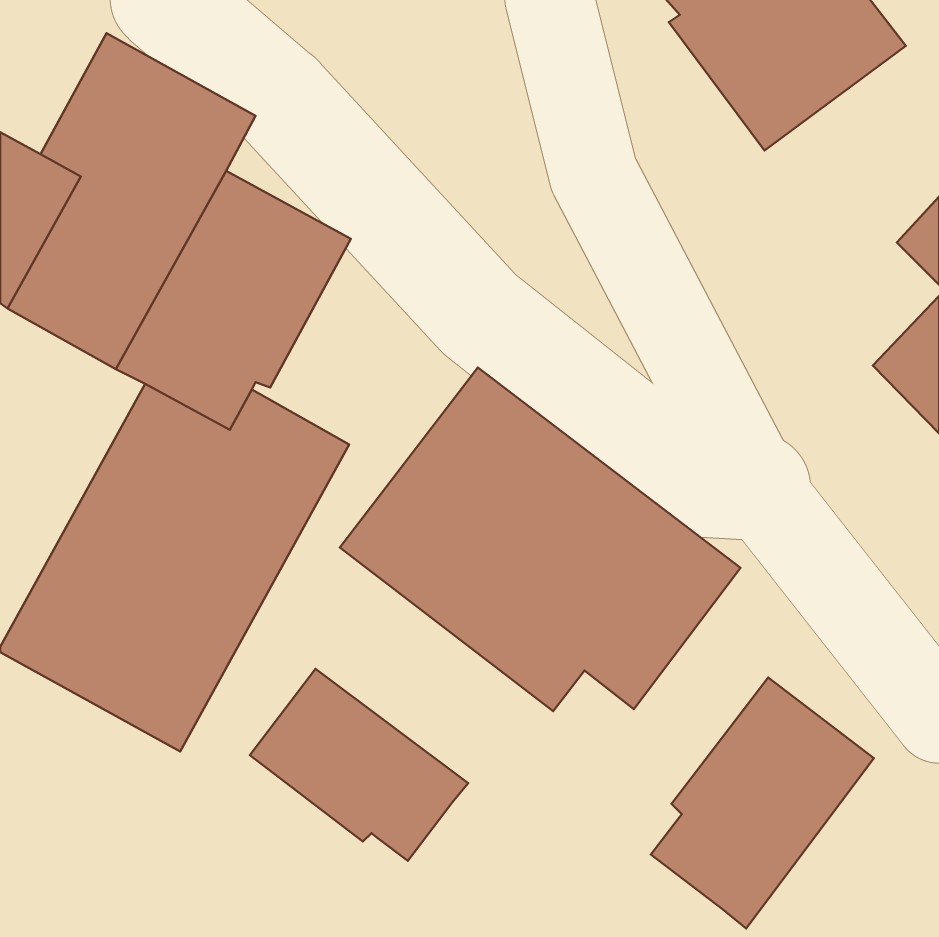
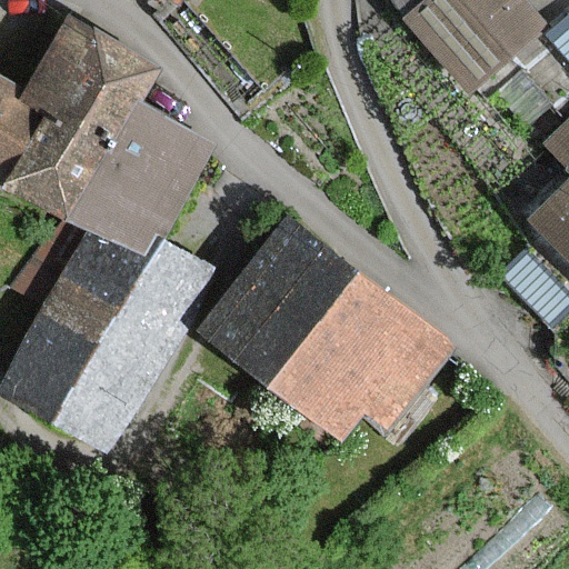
building: [250,669,468,861] -> none
building: [651,678,874,929] -> none

